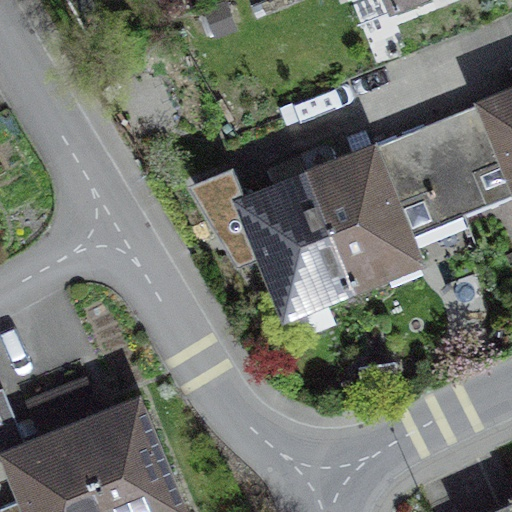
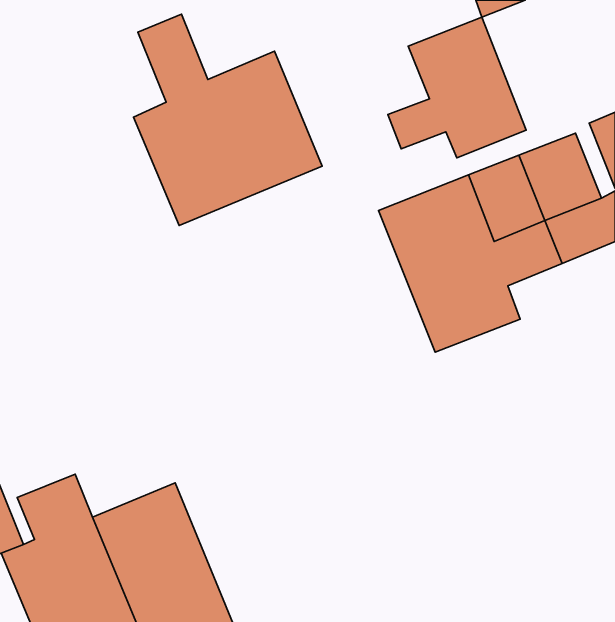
building: none -> [133,14,322,225]
building: none -> [388,17,526,158]
building: [189,152,353,321] -> none

